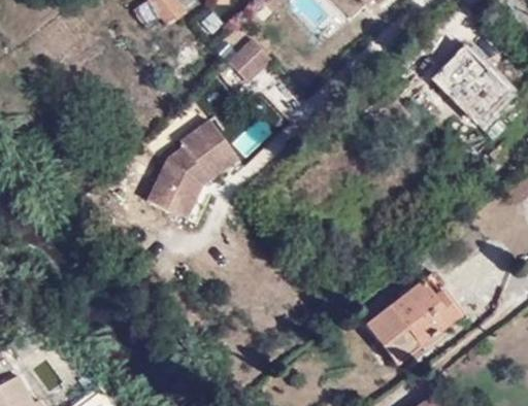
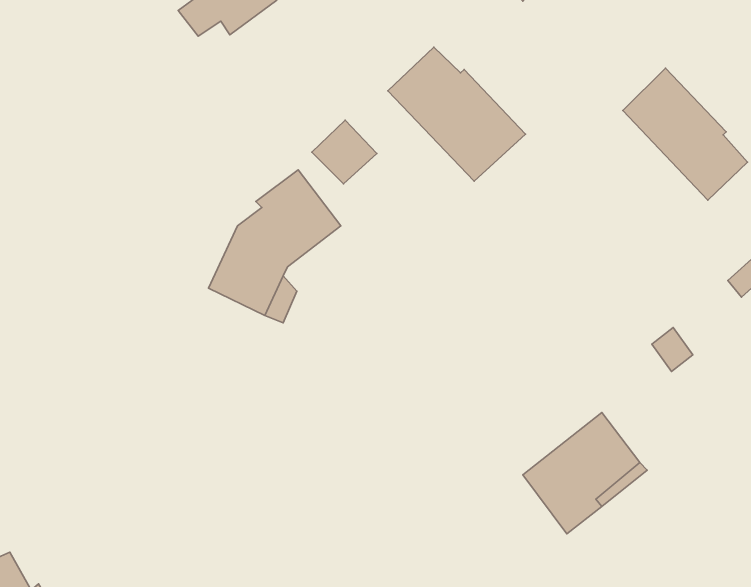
building: none -> [388,47,526,181]
building: [230,35,274,78] -> [312,120,377,184]

